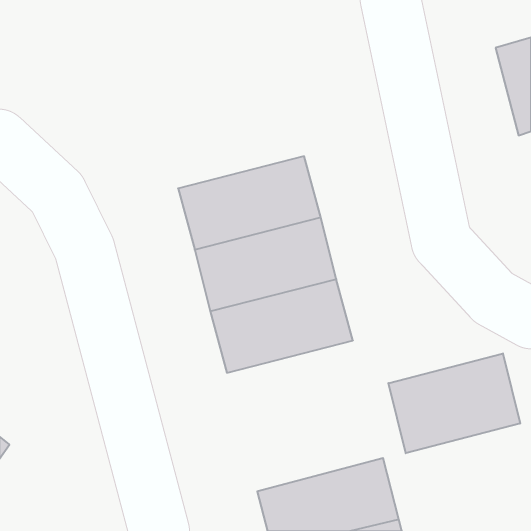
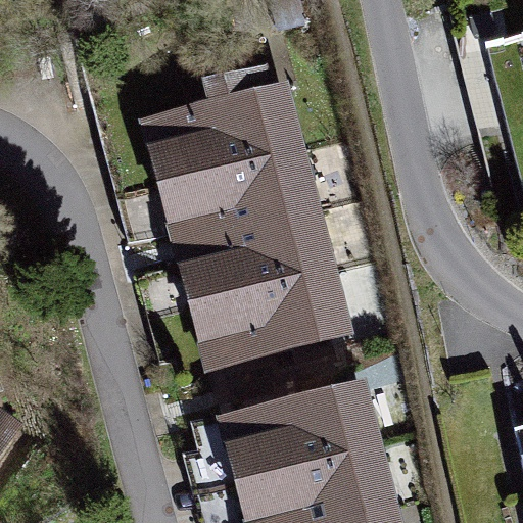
building: none -> [159,75,298,185]
building: [388,353,520,453] -> none
building: none -> [236,390,376,482]

